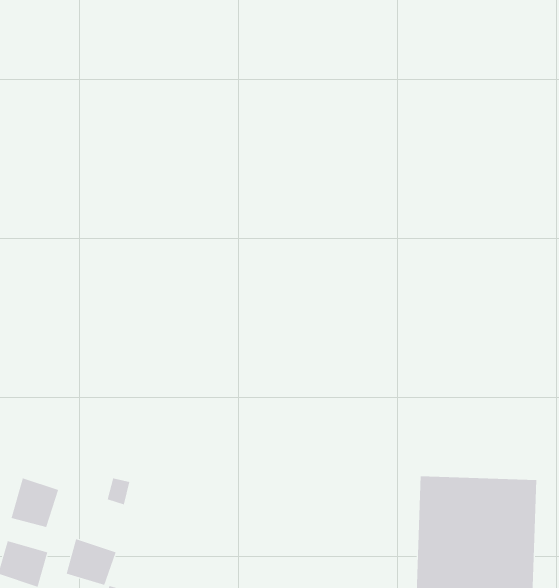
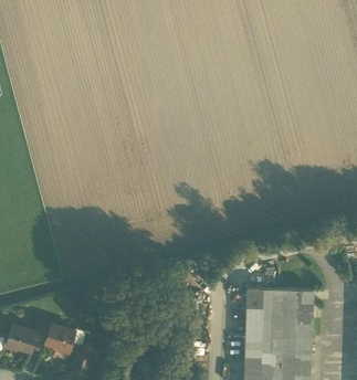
building: [11,477,59,528] -> none

